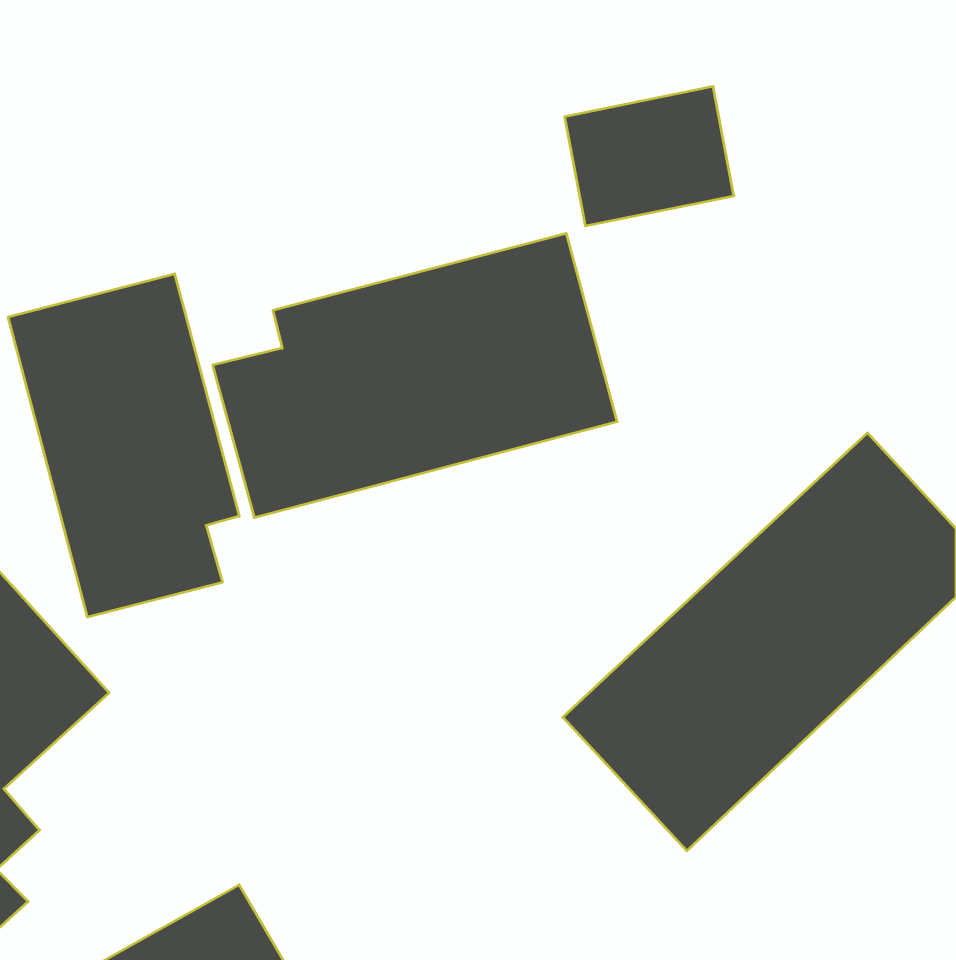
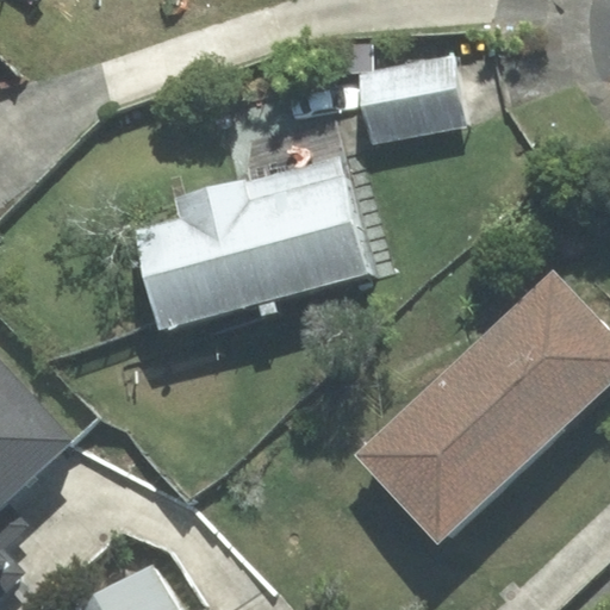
building: [8,274,239,617] -> none

